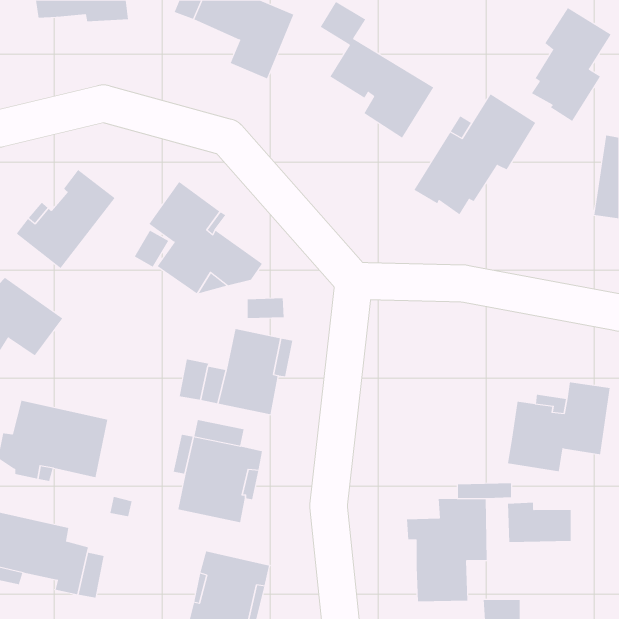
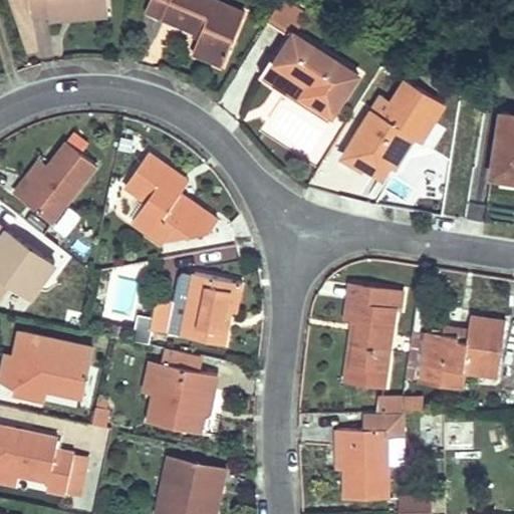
building: [531,7,611,122] -> none
building: none -> [262,65,332,121]
building: none -> [346,286,395,389]

